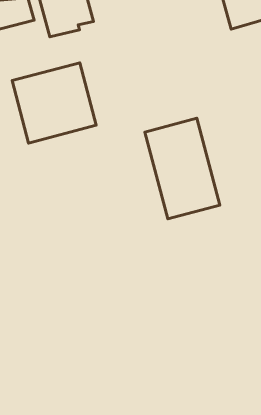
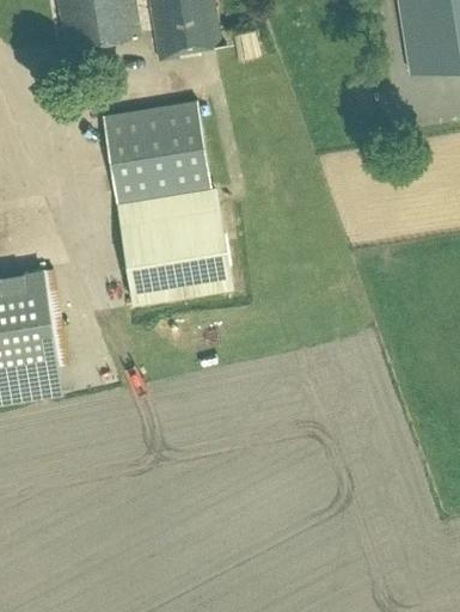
building: [145,118,220,219] -> none
building: none -> [119,209,233,306]

